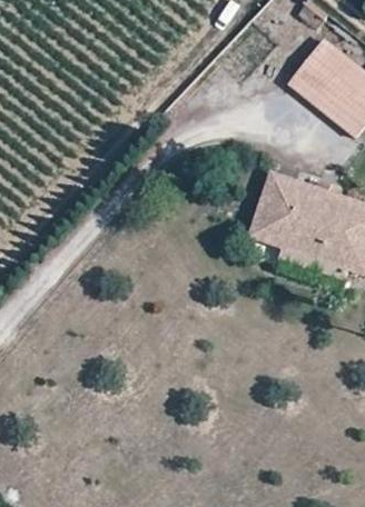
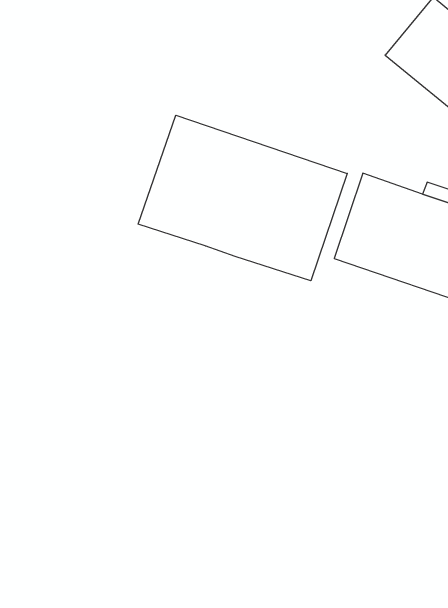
building: none -> [138,115,347,281]

